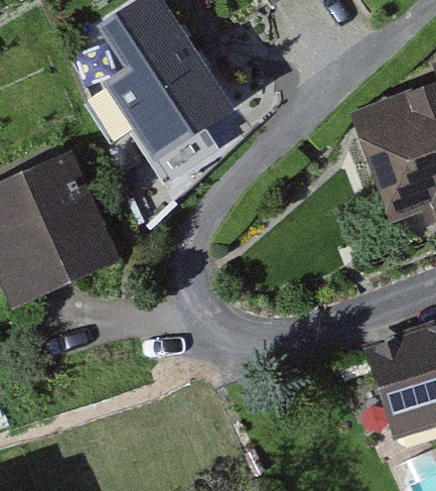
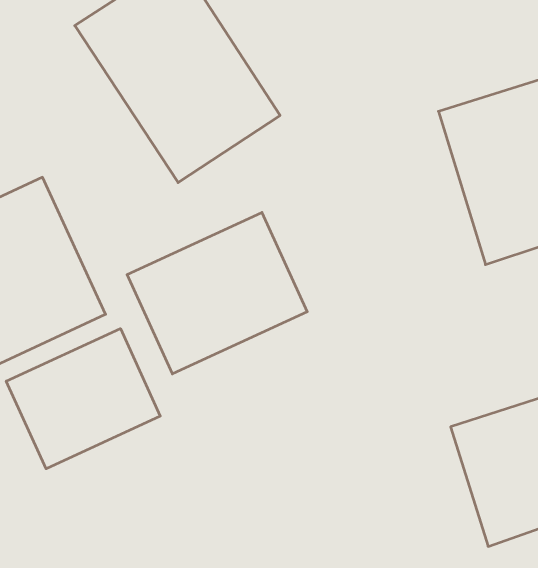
building: none -> [127,212,307,374]
building: none -> [6,329,160,469]

